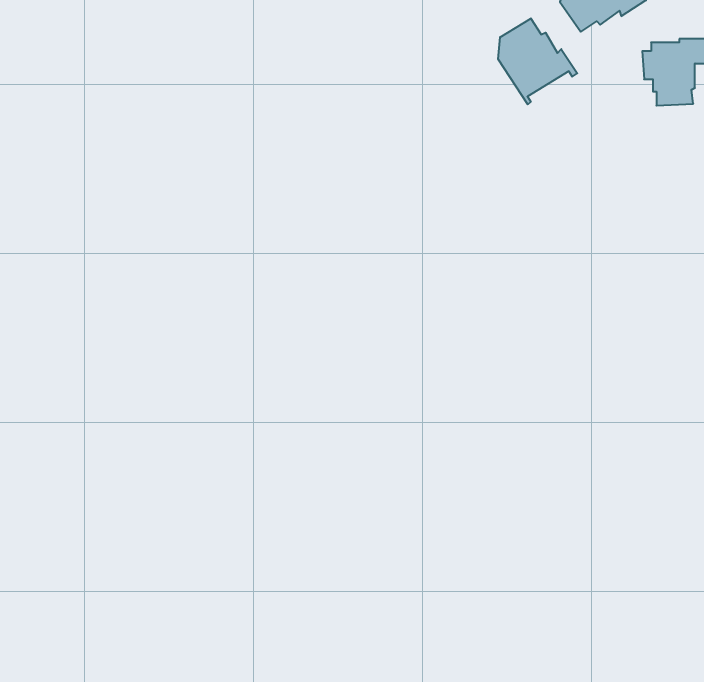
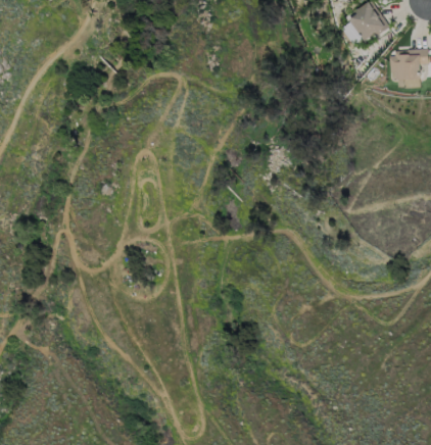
building: [498,18,577,104] -> none

